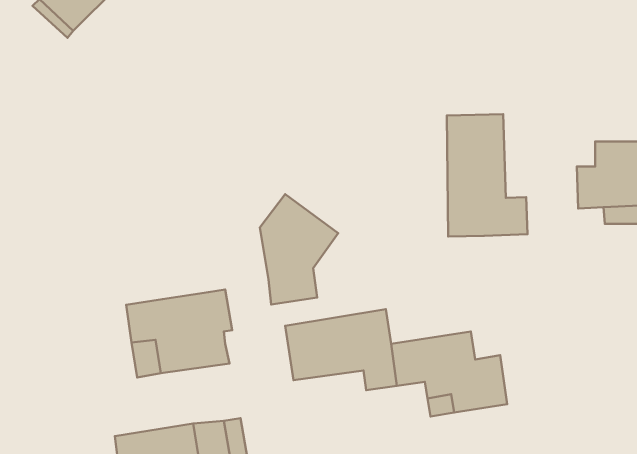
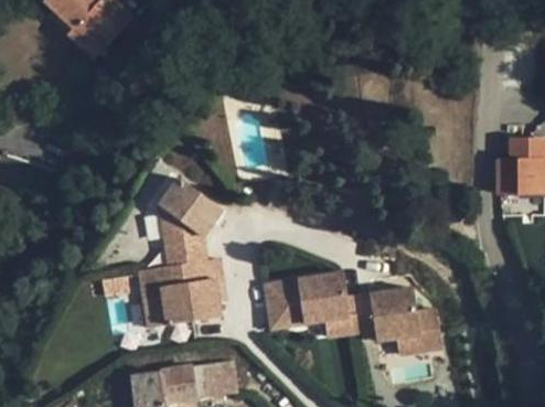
building: [447,114,527,237] -> none
building: [260,194,338,305] -> [160,178,222,265]

